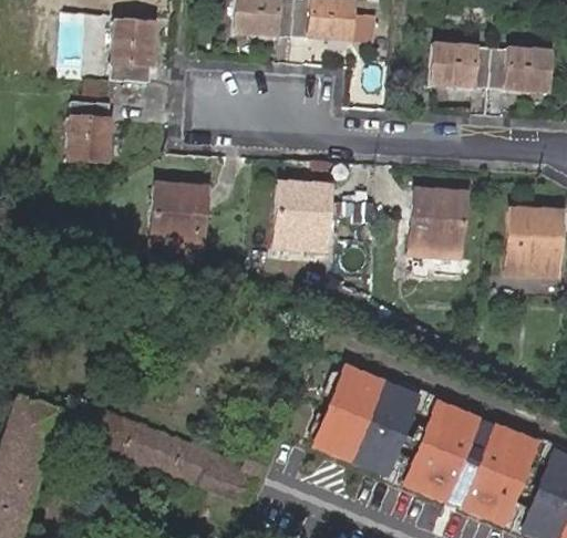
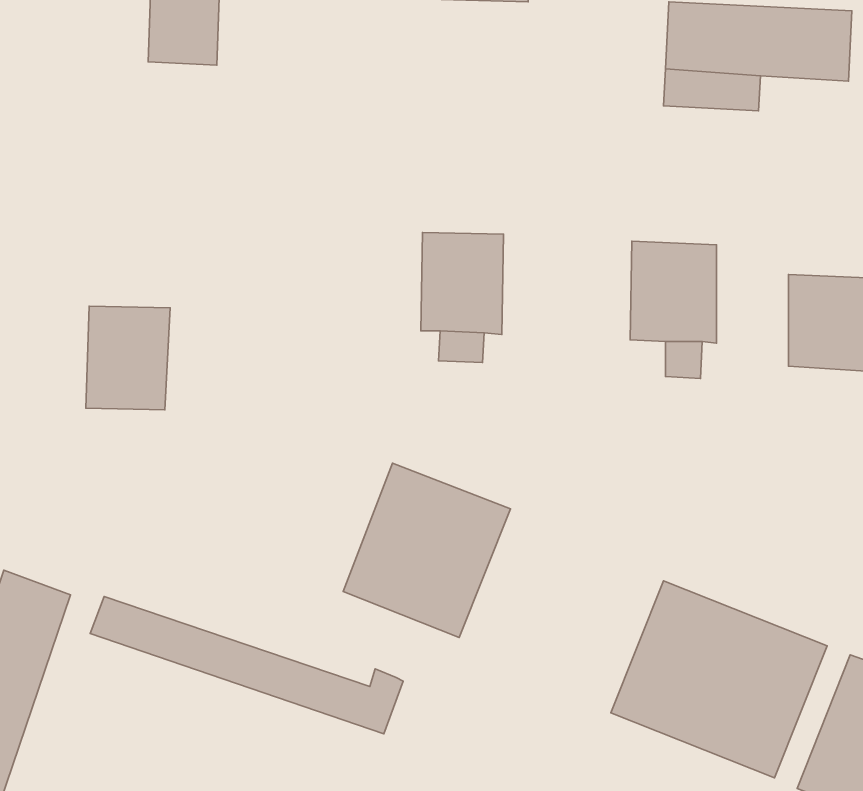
building: [65,101,112,162] -> none
building: [155,182,208,247] -> [86,306,170,410]
building: [310,368,415,477] -> [343,463,510,637]

